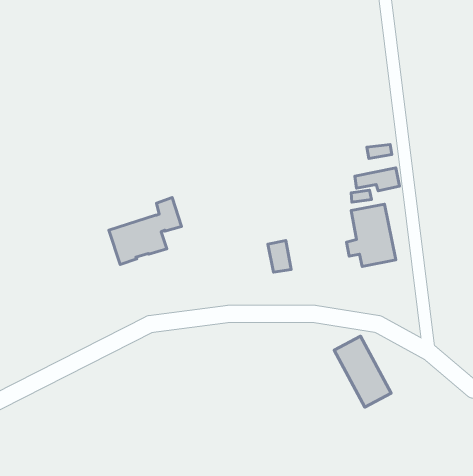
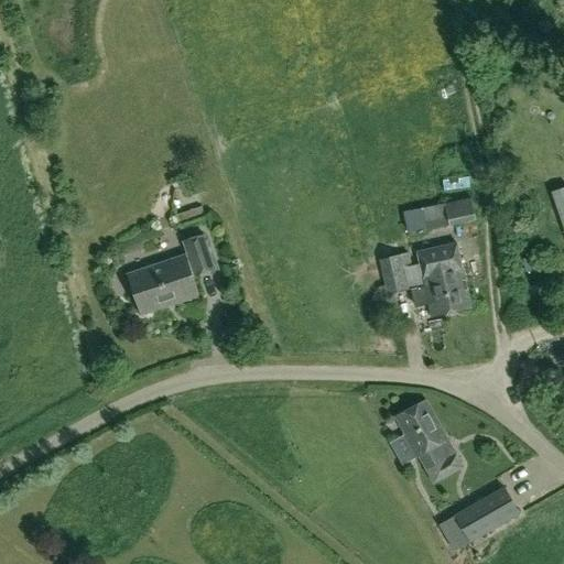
building: [268,241,291,272] -> [378,254,405,292]
building: none -> [436,488,517,552]

